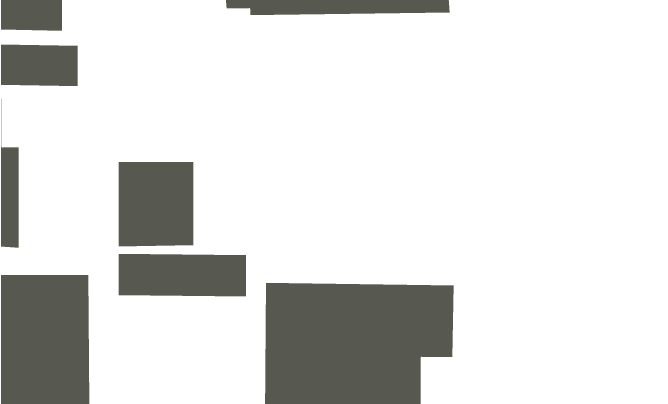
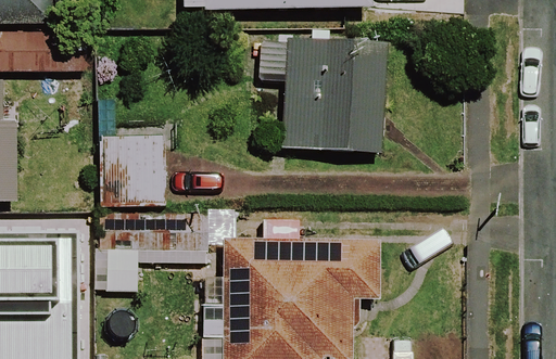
building: none -> [258,36,386,153]

